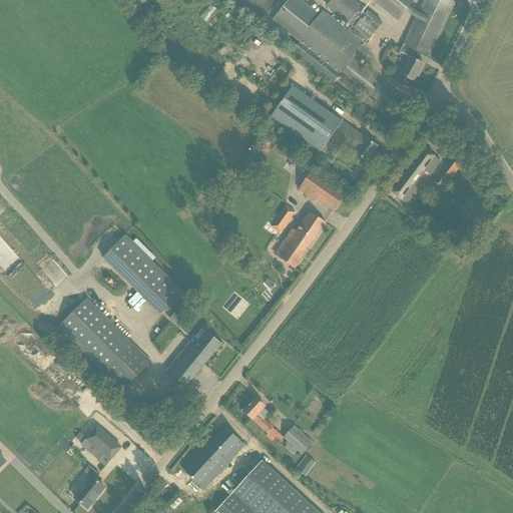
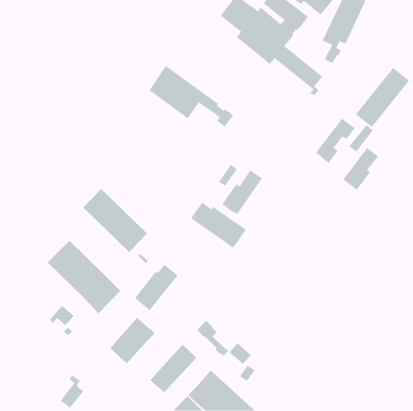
building: [272,83,378,160] -> [148,65,234,127]
building: none -> [355,67,410,128]
building: [299,170,345,208] -> none
building: none -> [343,147,379,190]
building: none -> [190,202,246,248]
building: none -> [109,317,155,364]
building: [75,421,109,459] -> [49,305,76,336]

